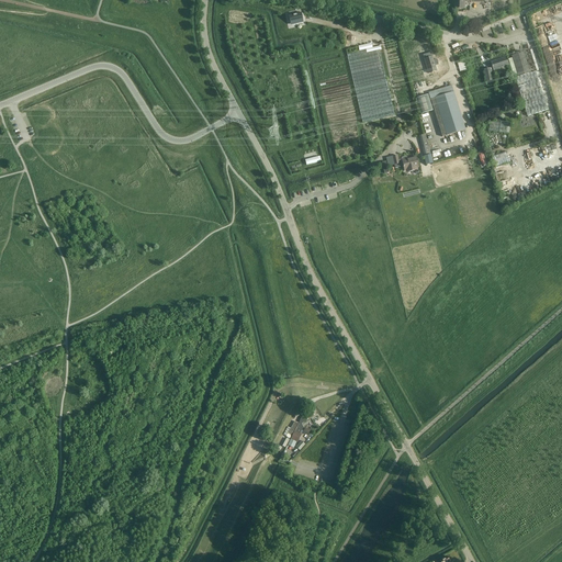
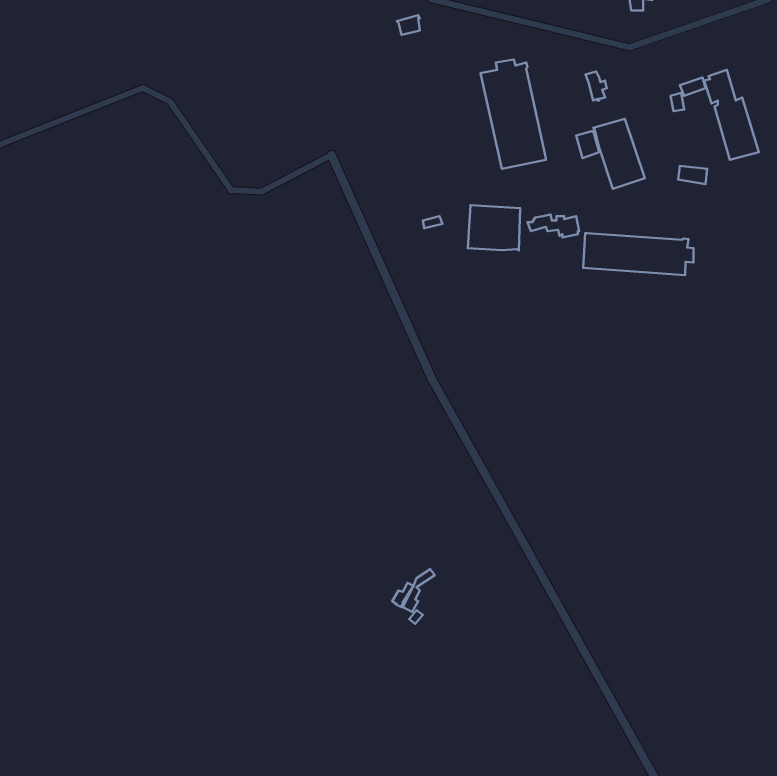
building: none -> [468,205,520,250]
building: none -> [583,233,694,275]

